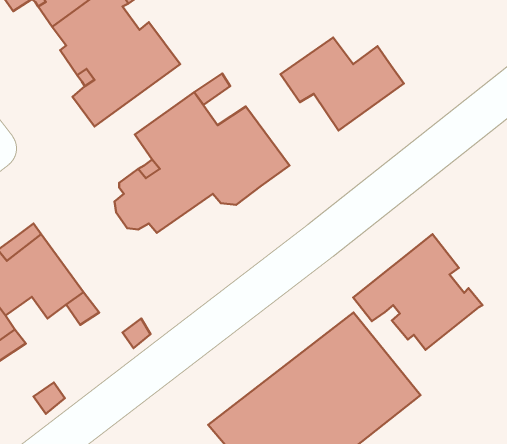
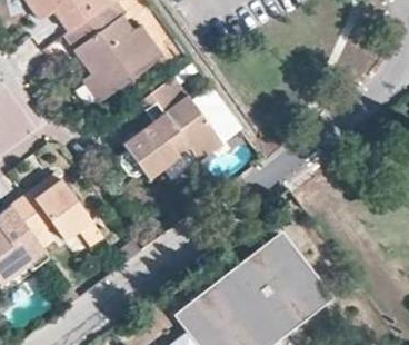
building: [281,38,404,130] -> none
building: [353,234,482,350] -> none

